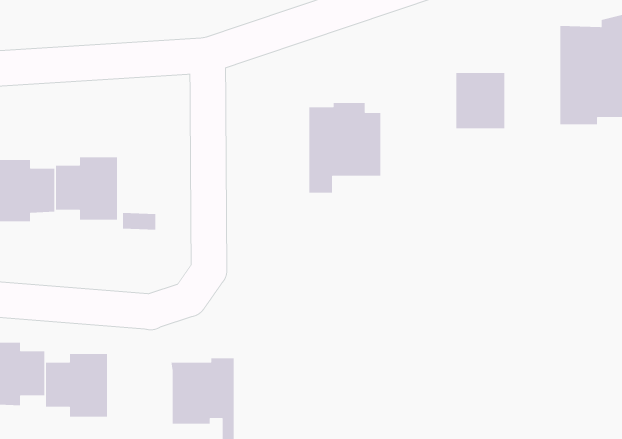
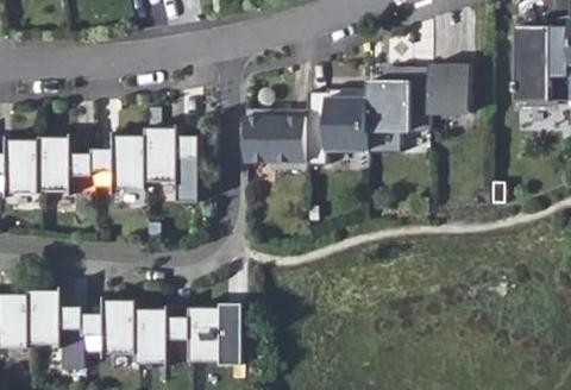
building: none -> [368,68,429,132]
building: none -> [245,109,307,170]
building: none -> [148,127,201,180]
building: none -> [139,307,193,360]

